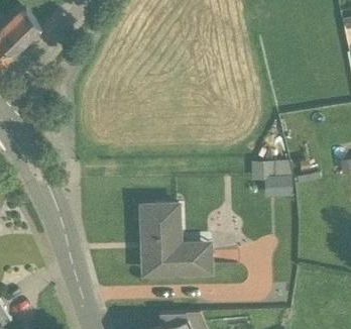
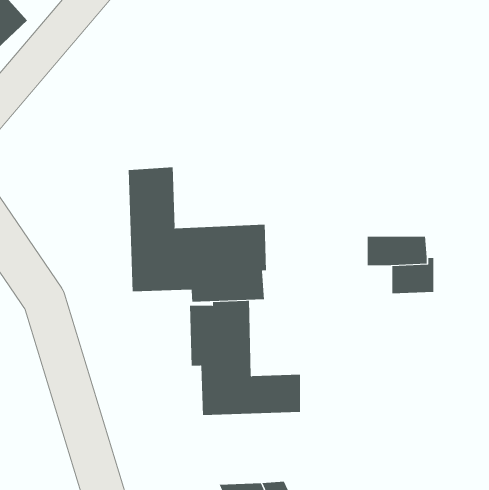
building: none -> [128,167,266,303]

